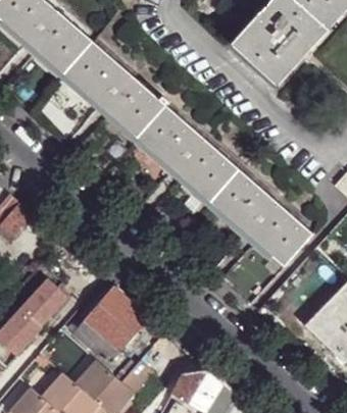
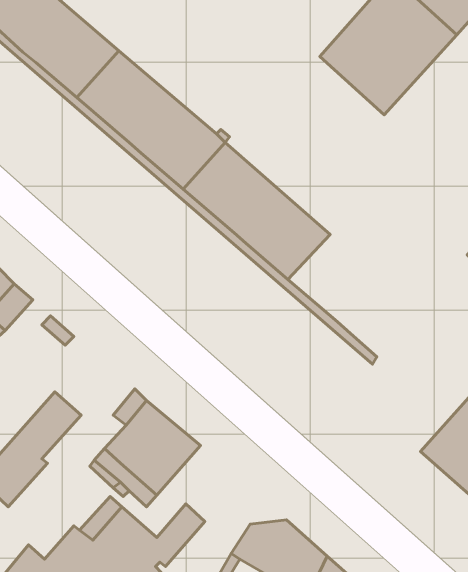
building: [211,170,314,267] -> none

